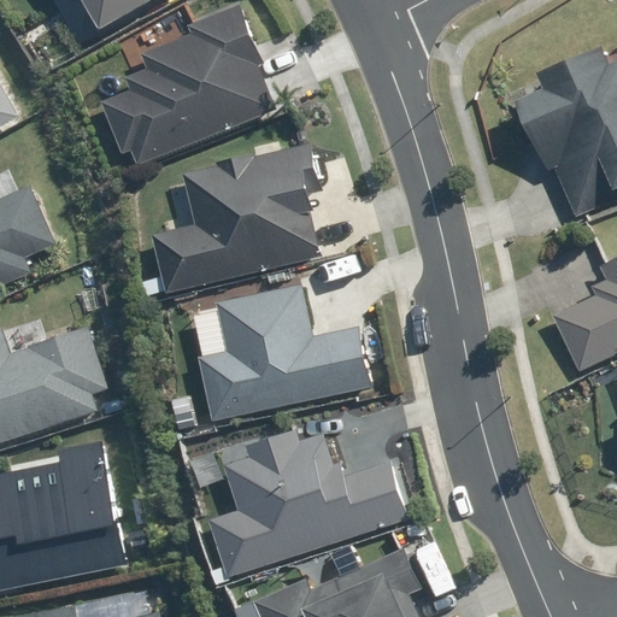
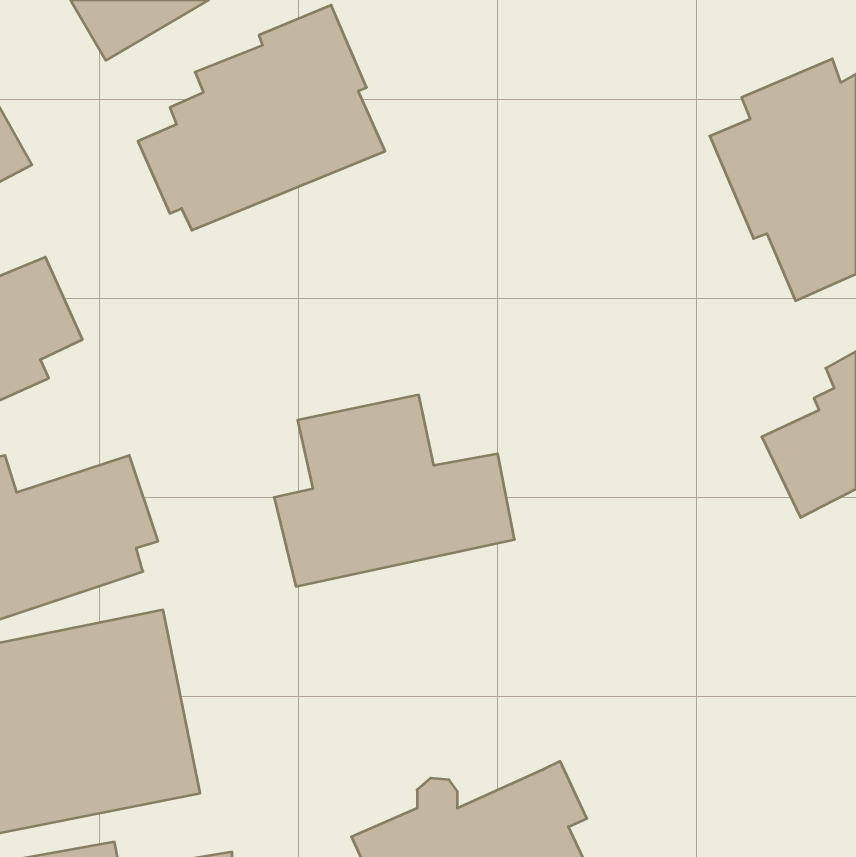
building: [151,142,322,293] -> none
building: [208,430,407,577] -> none

